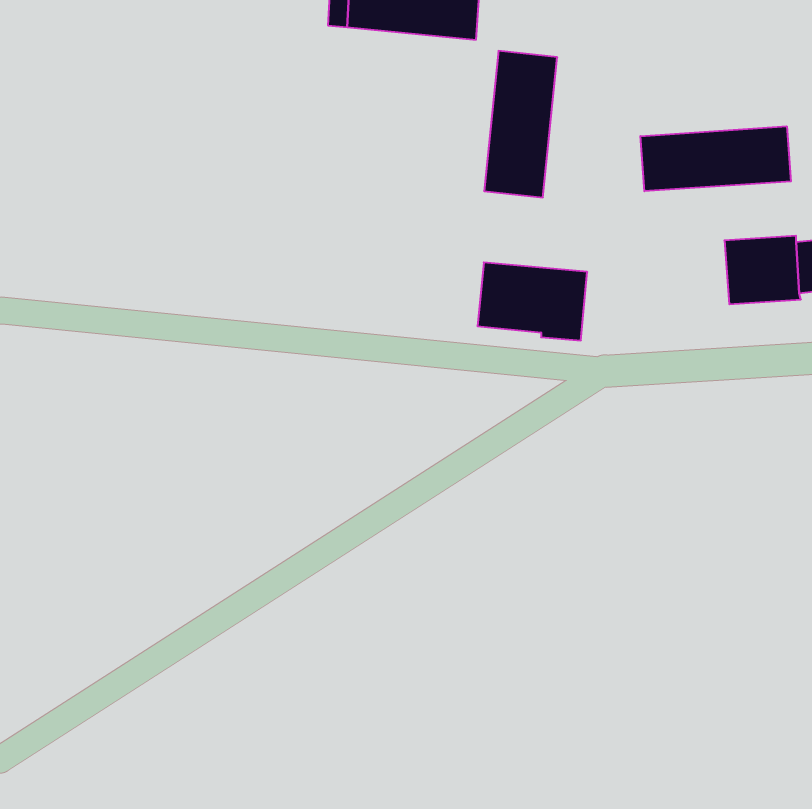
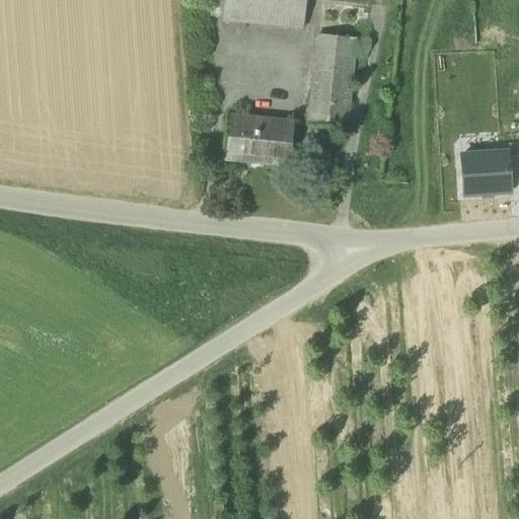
building: [640,126,791,191] -> none
building: [477,262,587,340] -> [224,114,294,163]

